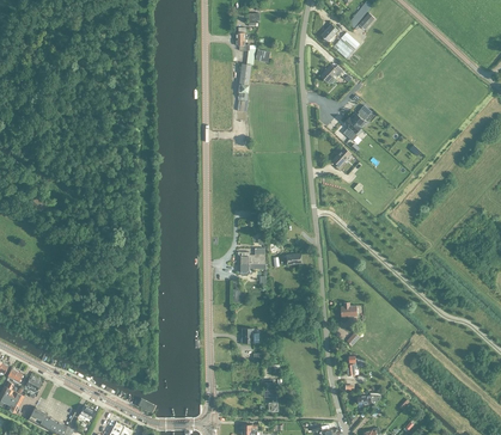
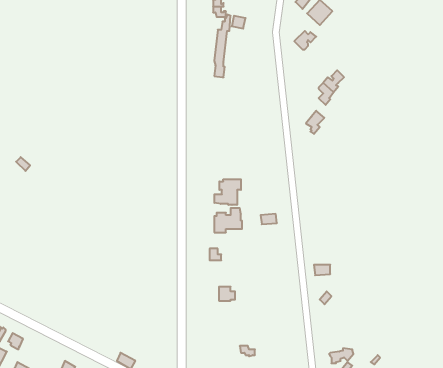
building: none -> [214,179,241,205]

